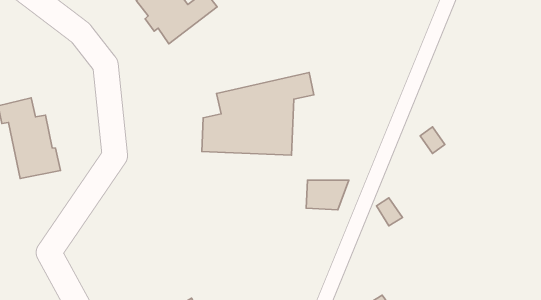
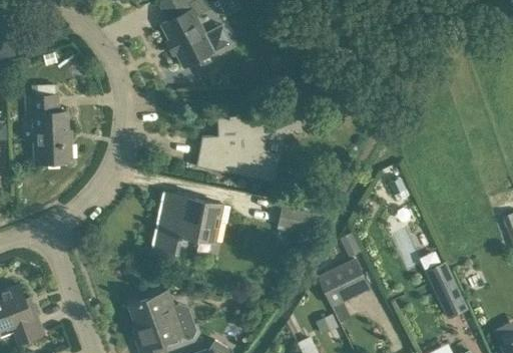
building: none -> [151,192,222,253]
building: none -> [426,264,468,321]
building: none -> [317,260,371,309]

